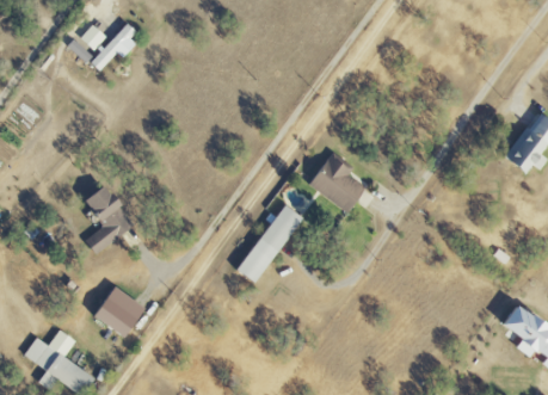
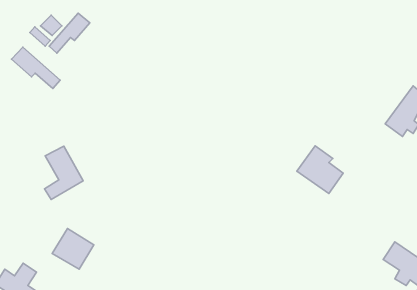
building: none -> [12,47,60,89]
building: [308,154,365,212] -> [297,146,343,193]
building: [236,204,303,283] -> none

